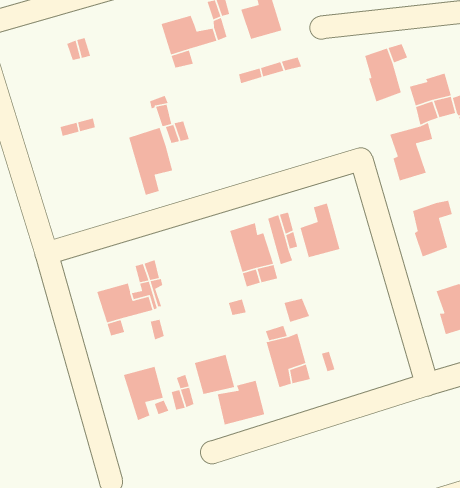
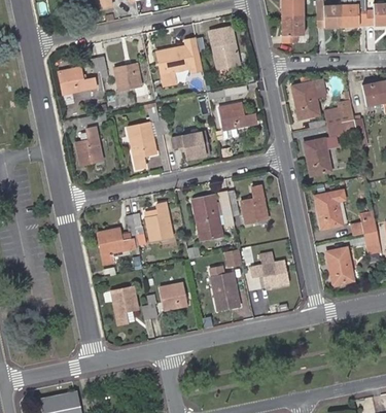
building: none -> [114,64,141,90]
building: none -> [59,67,96,94]
building: none -> [219,103,255,130]
building: none -> [172,132,209,159]
building: none -> [75,127,102,165]
building: none -> [144,203,171,240]
building: none -> [250,261,287,287]
building: [217,380,265,426] -> none

